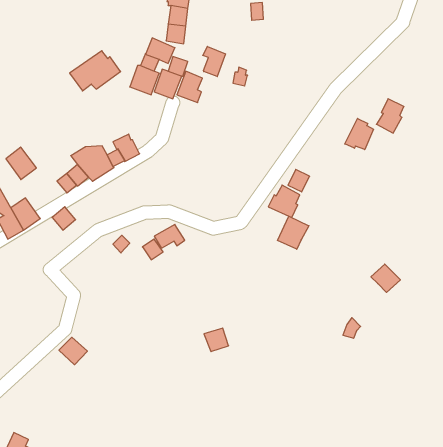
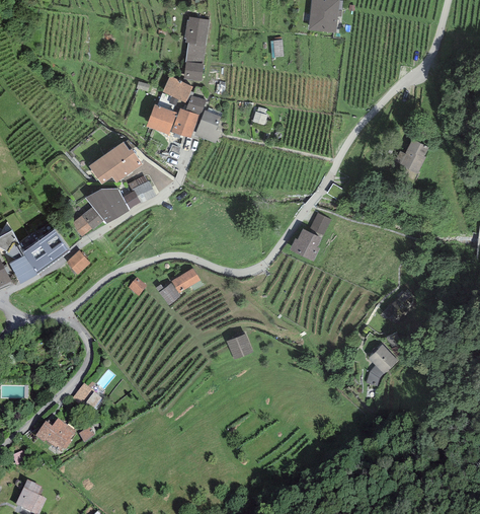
building: [203,46,225,77] -> none
building: [70,51,121,91] -> [89,142,142,183]
building: [345,118,374,150] -> none
building: [6,147,36,180] -> [38,228,70,262]
building: [277,216,309,249] -> none
building: [371,264,400,292] -> [368,344,398,373]
building: [204,328,229,352] -> [227,334,252,358]
building: none -> [34,421,75,452]

